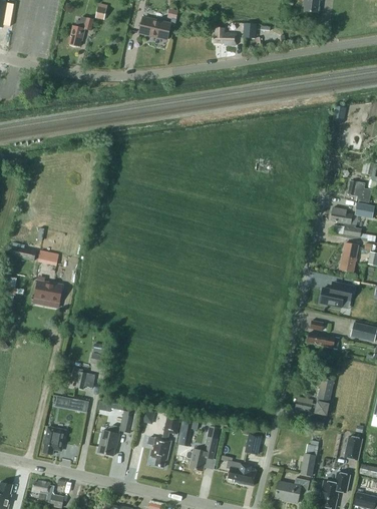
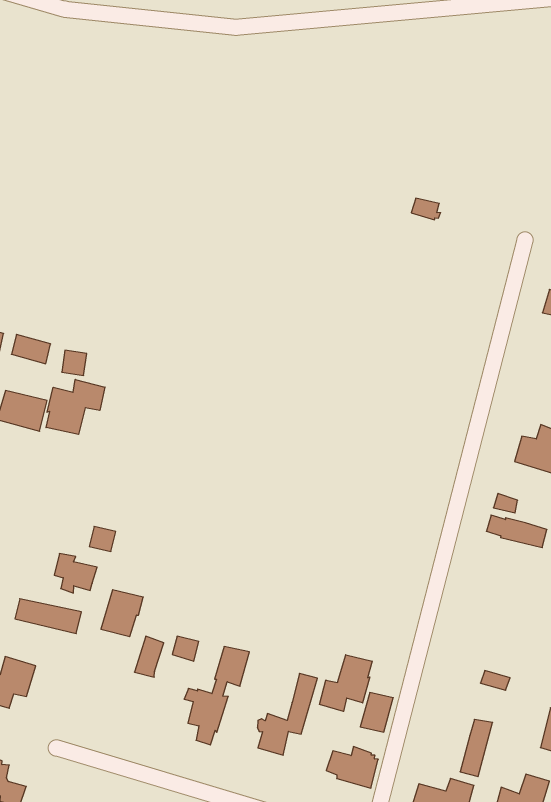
building: none -> [46,379,105,434]
building: [295,379,334,415] -> none
building: none -> [320,655,372,711]
building: [97,430,119,455] -> [101,590,143,637]

